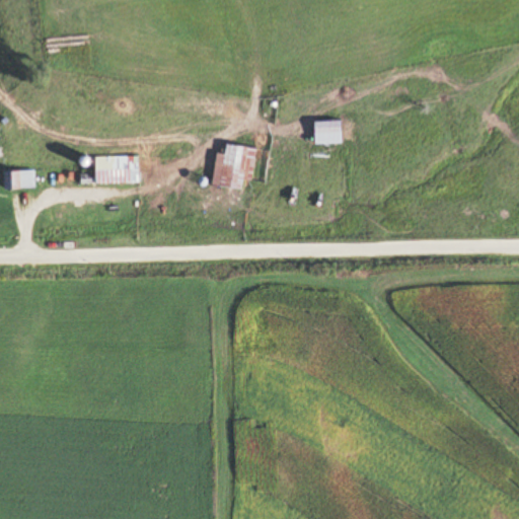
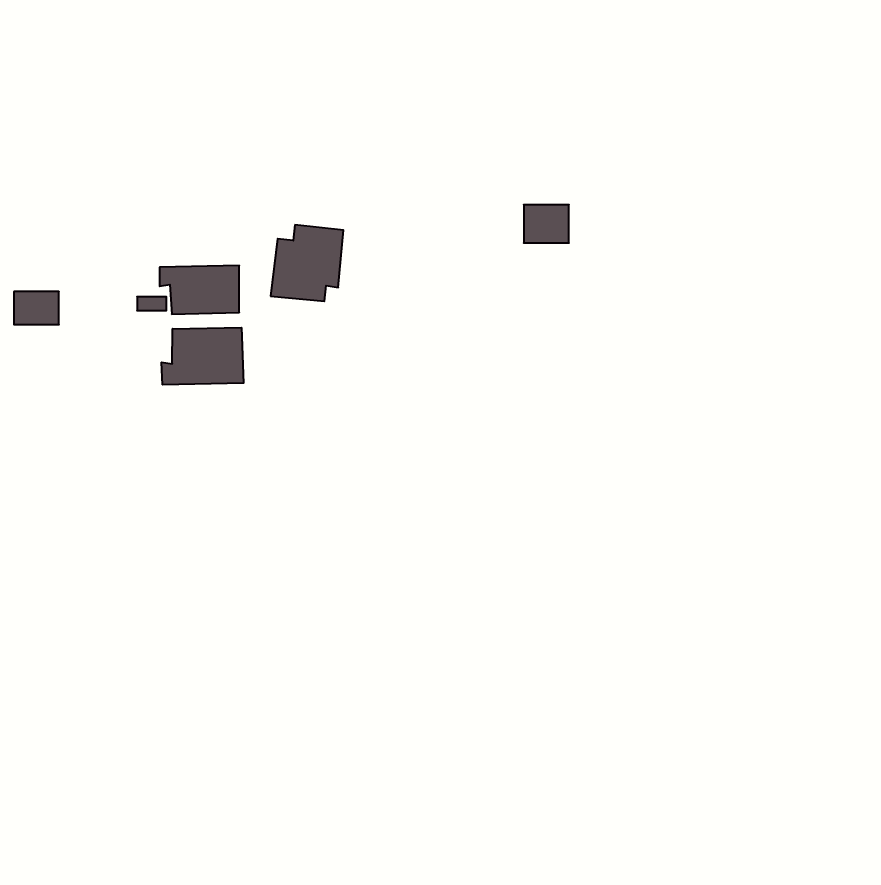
building: [213,144,255,189] -> [271,225,343,301]
building: none -> [162,328,244,385]

